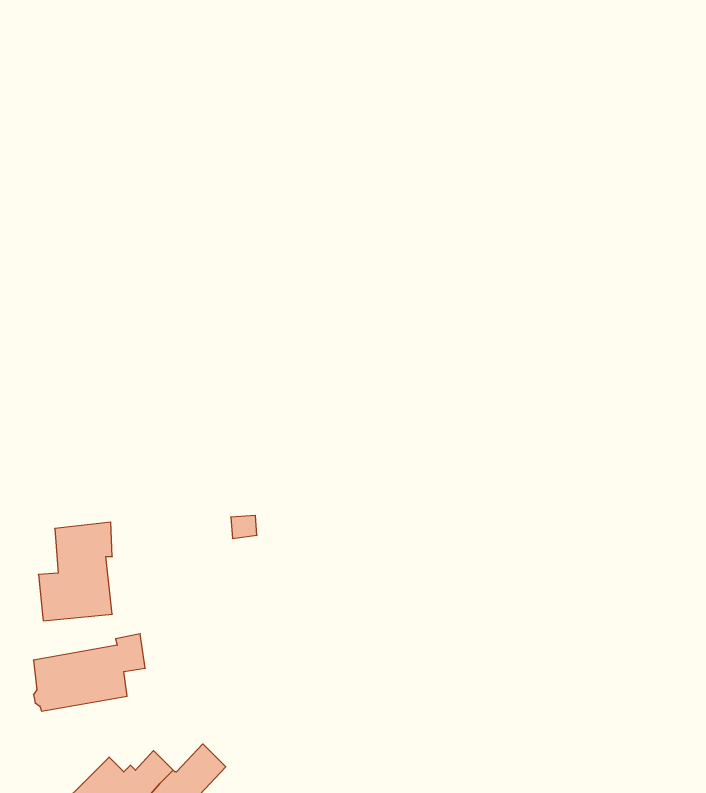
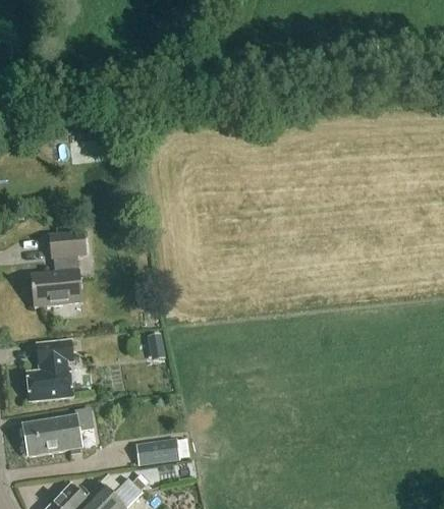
building: none -> [30,230,86,305]
building: none -> [135,437,179,465]

